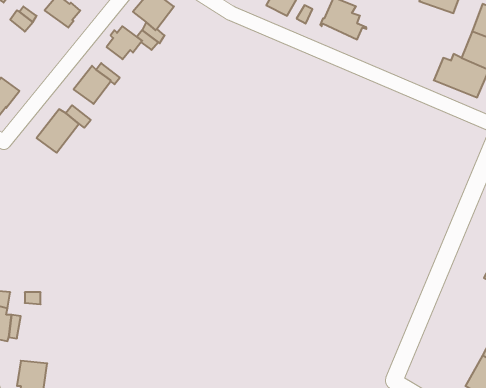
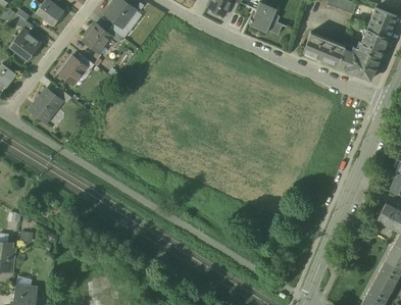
building: none -> [9,29,42,59]
building: none -> [303,33,345,66]

